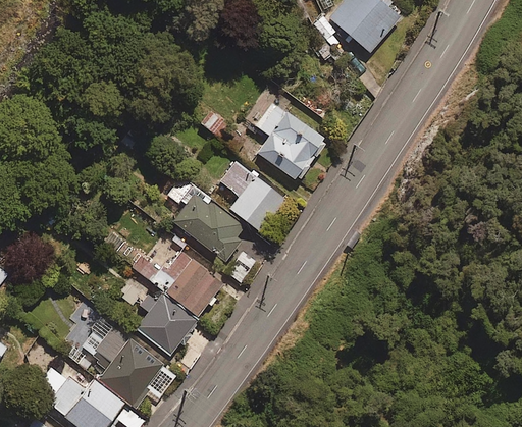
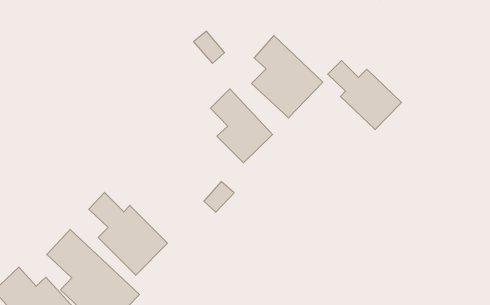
building: none -> [328,61,401,130]
building: [168,175,245,261] -> none
building: [134,251,224,319] -> none

